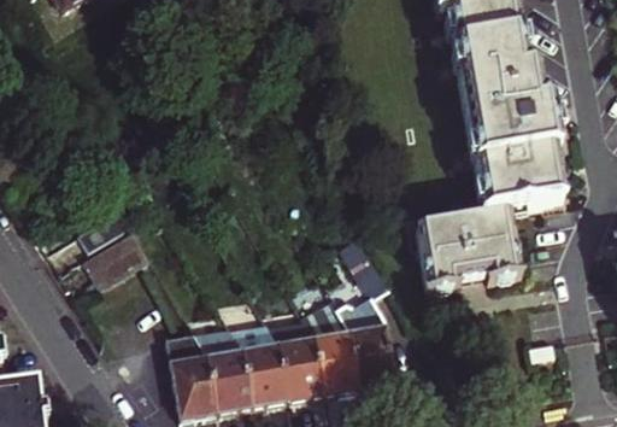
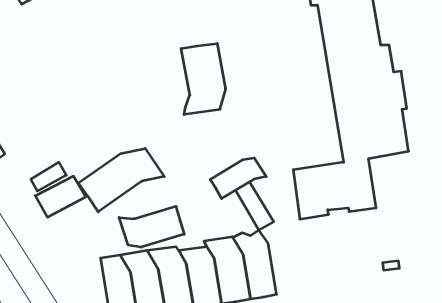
building: none -> [181,43,225,115]
building: none -> [79,148,164,212]
building: none -> [210,158,266,199]
building: none -> [119,206,184,247]

